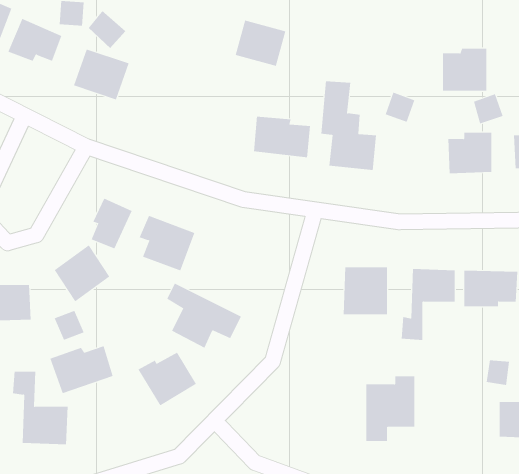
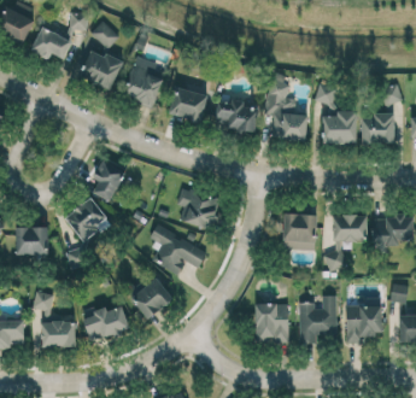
building: [235,20,286,66] -> [169,87,207,122]
building: [442,48,487,91] -> [322,111,356,144]
building: none -> [124,57,163,105]
building: [139,215,195,271] -> [176,188,218,230]
building: [49,346,114,394] -> [81,305,129,341]
building: none -> [256,303,288,343]
building: none -> [346,305,381,343]

